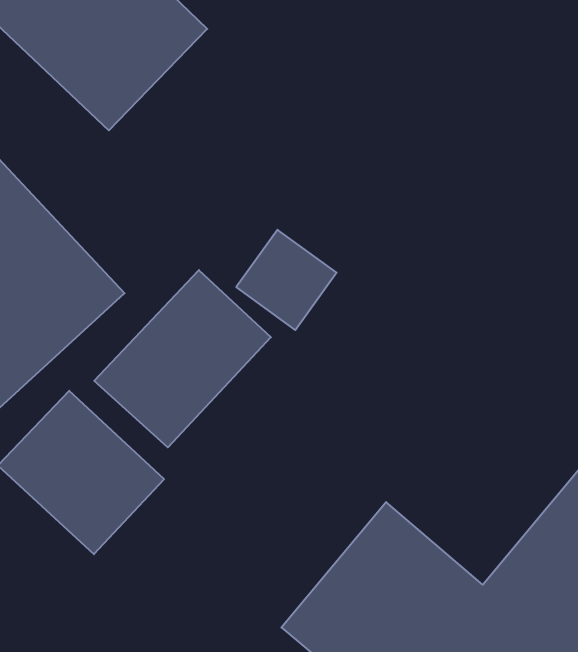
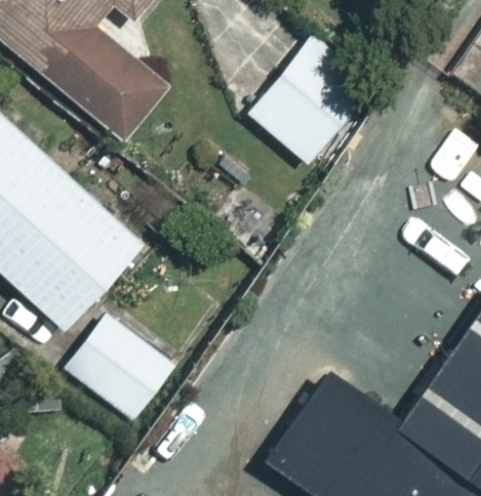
building: none -> [247,39,373,167]
building: [94,270,271,447] -> none

